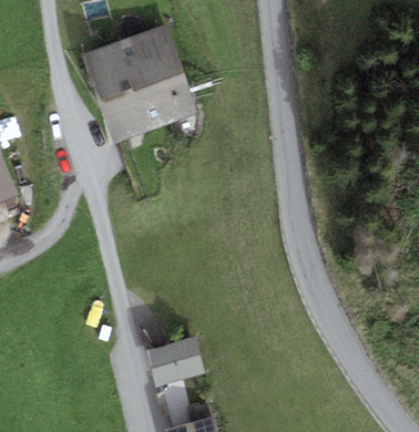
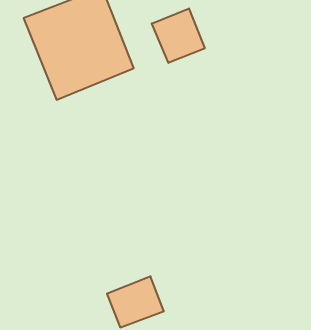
building: none -> [152,8,205,63]

